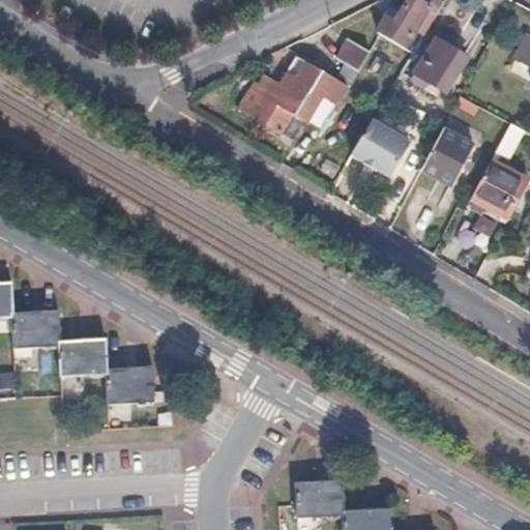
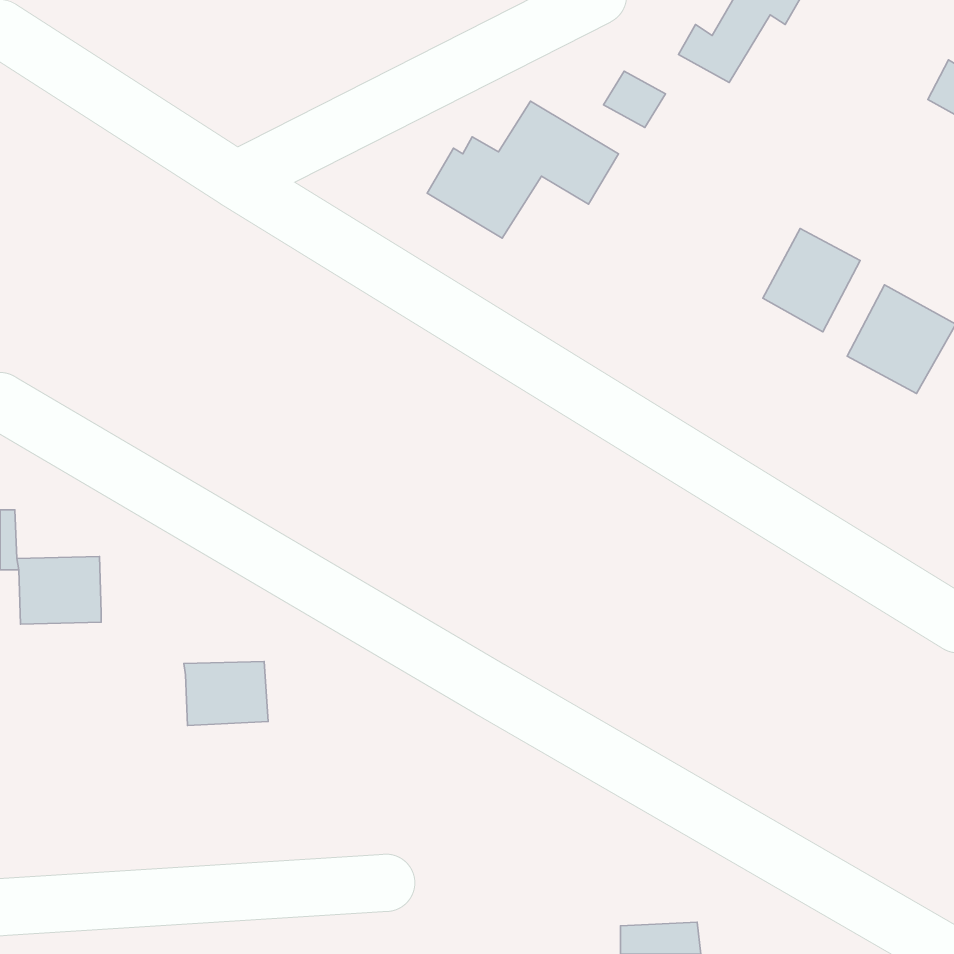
building: [411,37,468,92] -> none
building: [353,117,413,175] -> none
building: [58,337,105,374] -> none
building: [295,482,345,520] -> none

